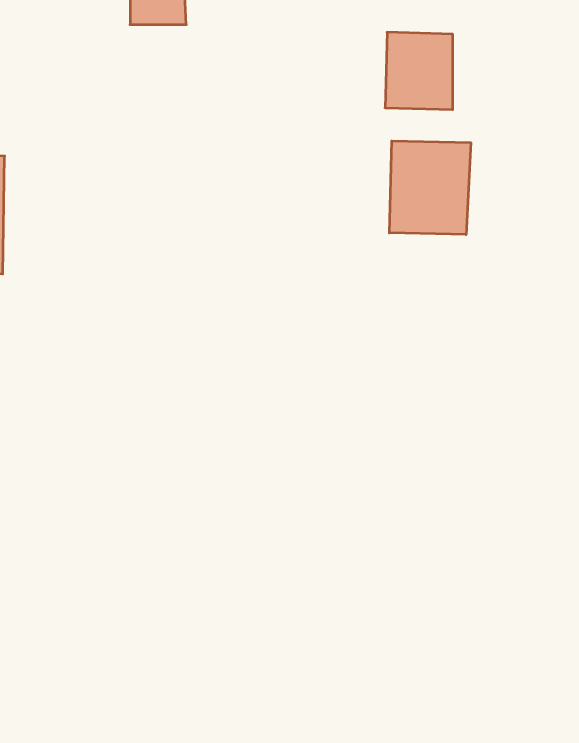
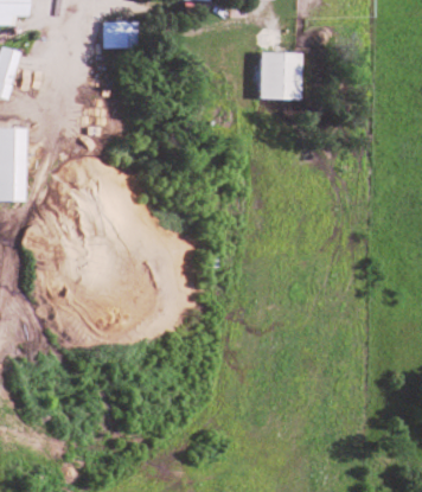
building: [389,141,471,235] -> none

